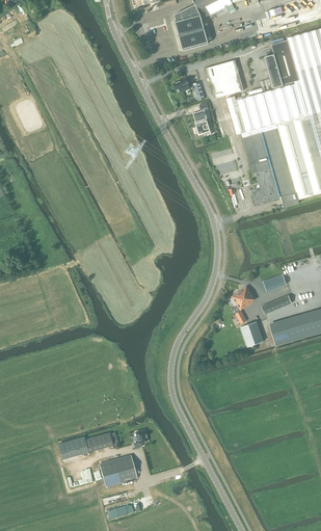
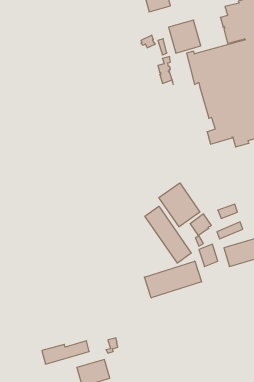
building: none -> [159,183,200,227]
building: none -> [145,206,191,263]
building: none -> [144,261,202,298]

